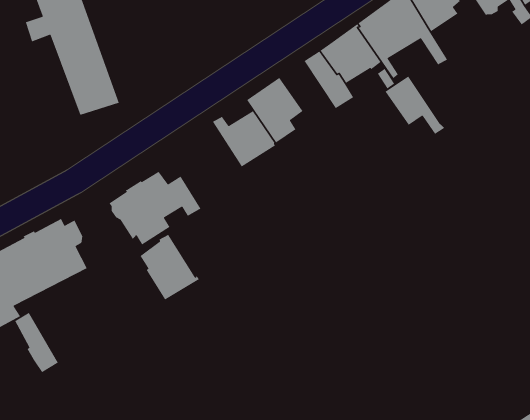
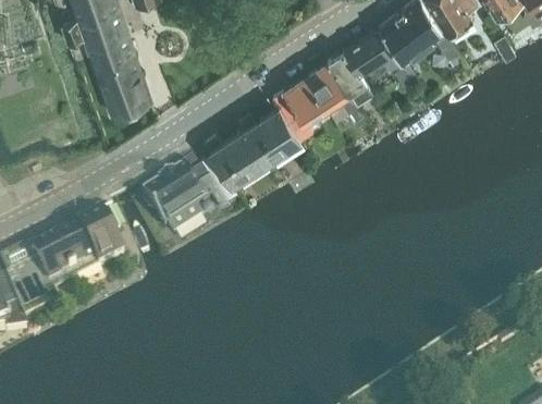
building: [384,75,445,135] -> [304,60,361,117]
building: none -> [205,118,268,184]
building: [139,234,200,300] -> none
building: [14,312,59,373] -> none

